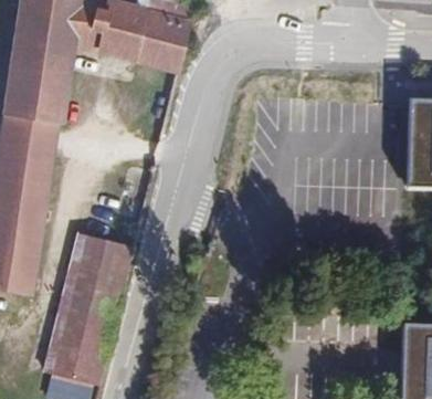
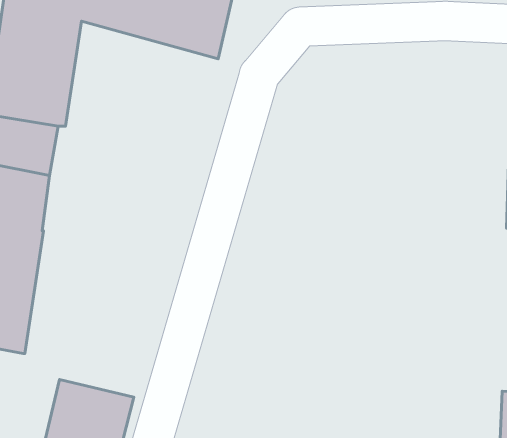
building: [59,235,134,328] -> none

